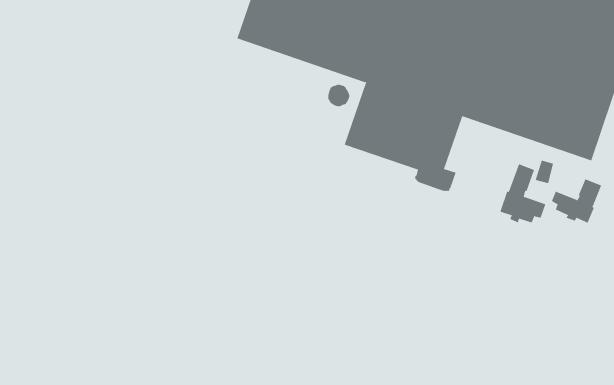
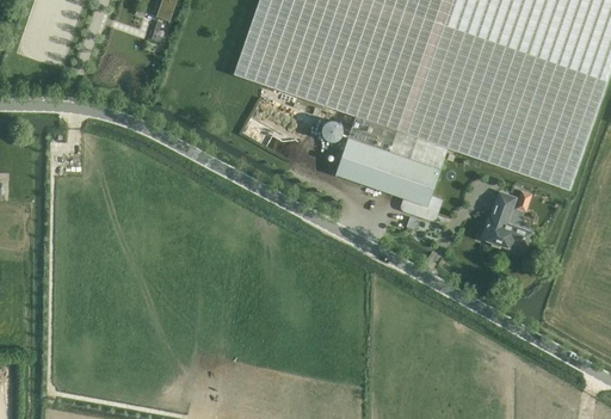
building: [551,179,602,223] -> none

